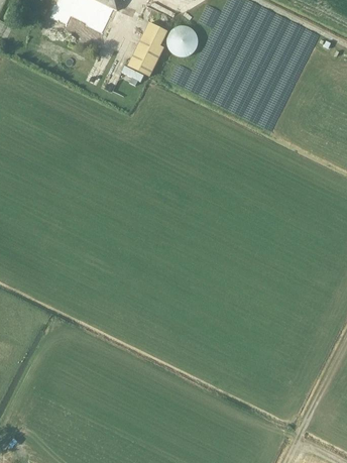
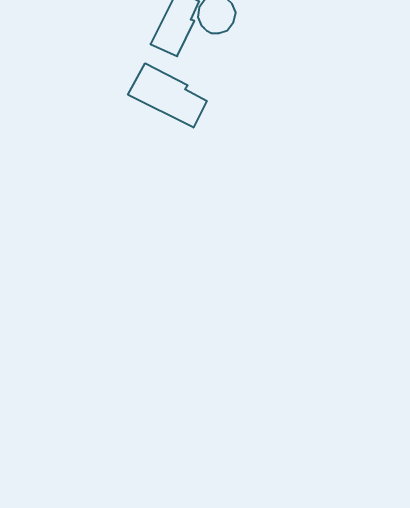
building: none -> [128,63,207,128]

